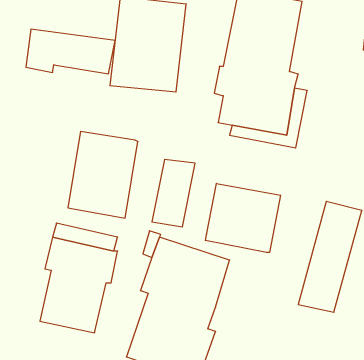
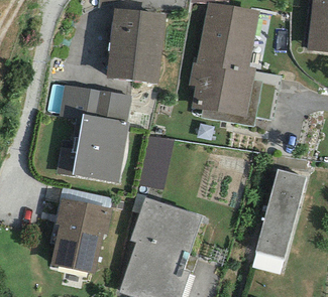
building: [26,29,115,74] -> [61,86,131,121]
building: [206,183,281,252] -> none

